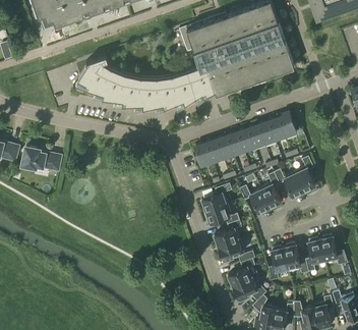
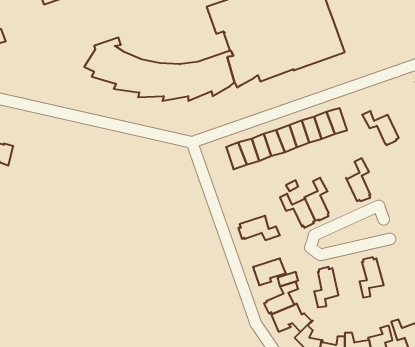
building: [22,149,61,172] -> none
building: [274,170,304,199] -> [362,111,399,145]
building: [201,184,232,212] -> none
building: [214,221,242,248] -> none
building: [320,236,348,266] -> none
building: [284,244,309,275] -> none

